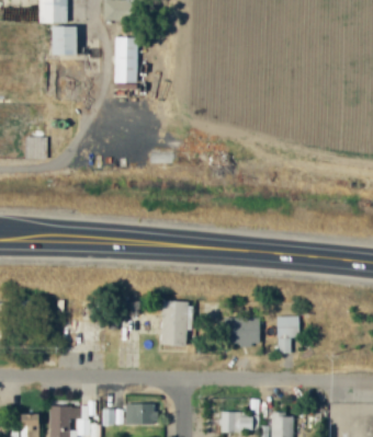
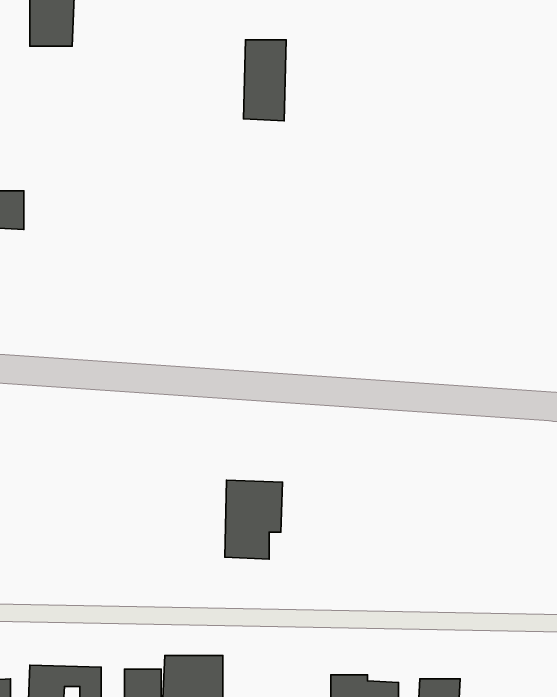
building: [114,37,138,83] -> [244,40,286,121]
building: [278,317,299,353] -> none
building: [227,318,260,345] -> none

